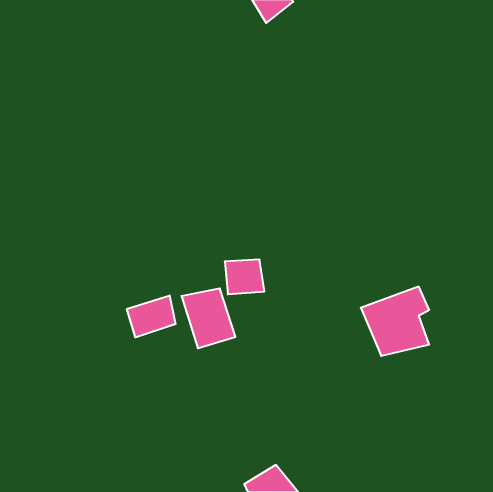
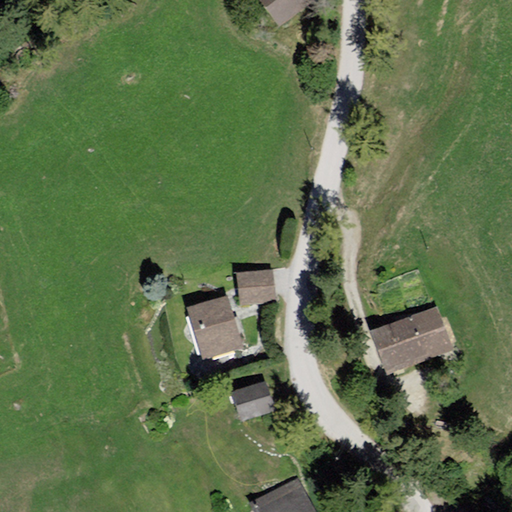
building: [127,295,176,337] -> none
building: none -> [235,381,275,426]

